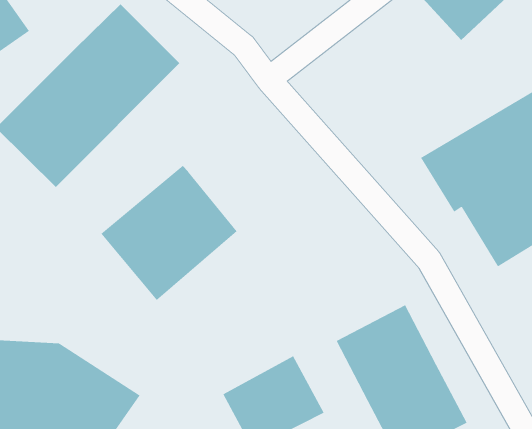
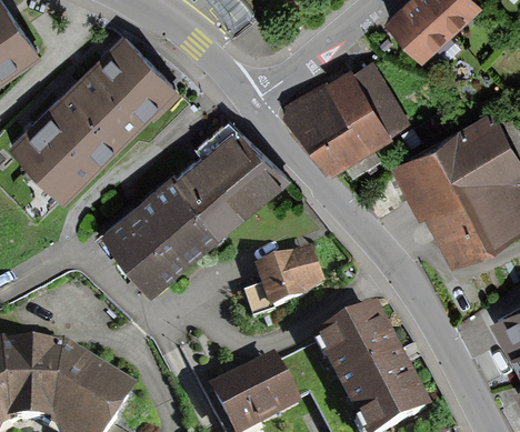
building: none -> [287,62,411,179]
building: none -> [180,138,289,238]
building: none -> [246,247,323,315]

